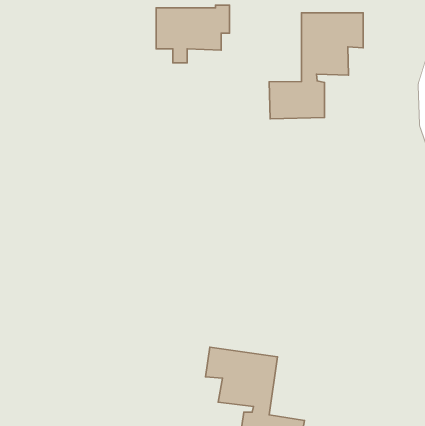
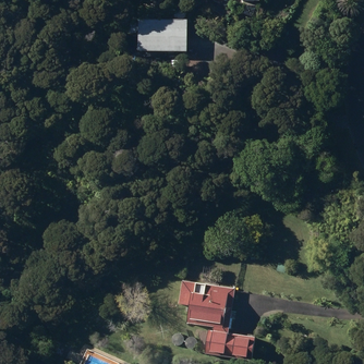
building: [269,13,363,119] -> none

